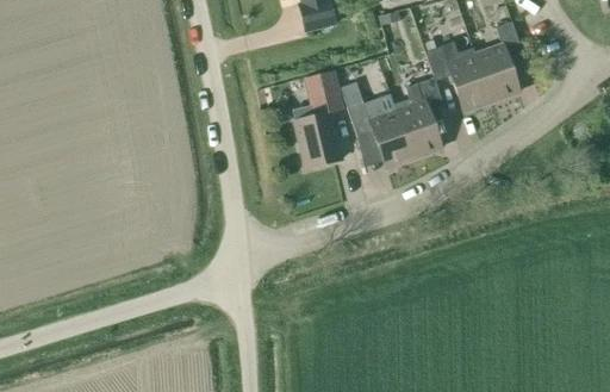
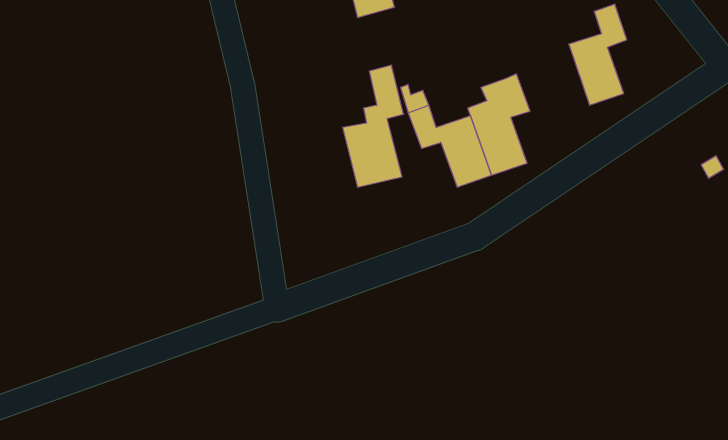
building: [425,41,492,111] -> none

